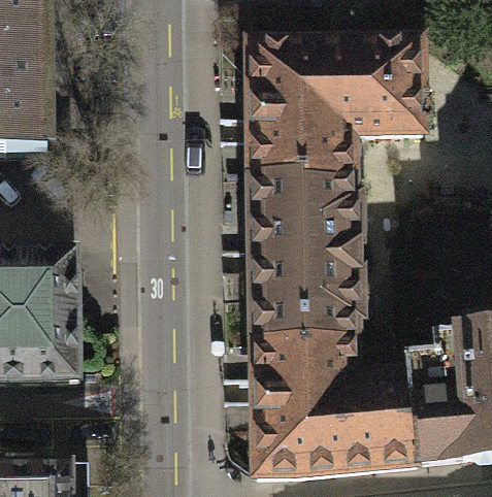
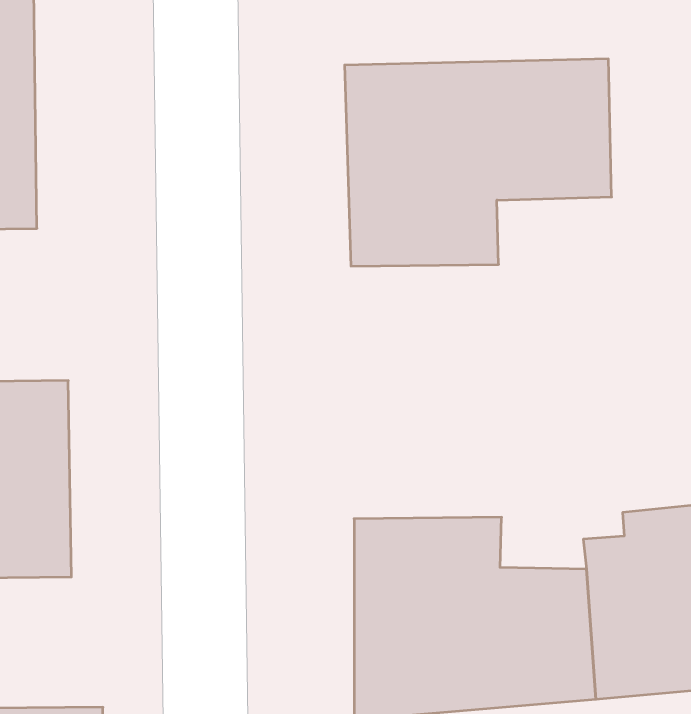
building: [253,175,359,342] -> none

